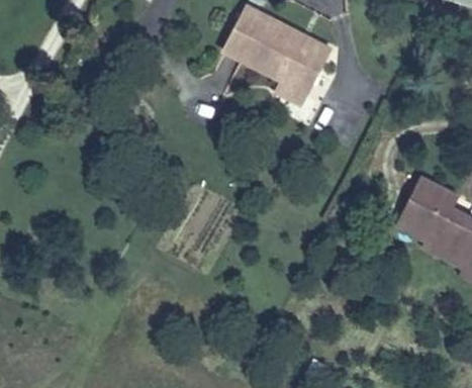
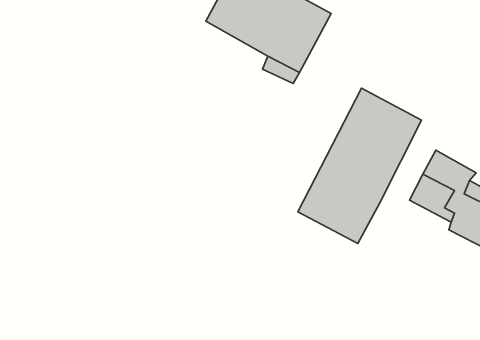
building: none -> [298,88,422,243]

